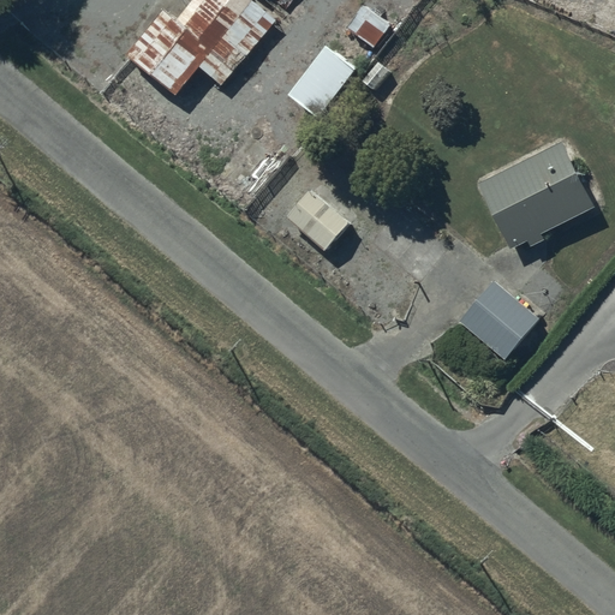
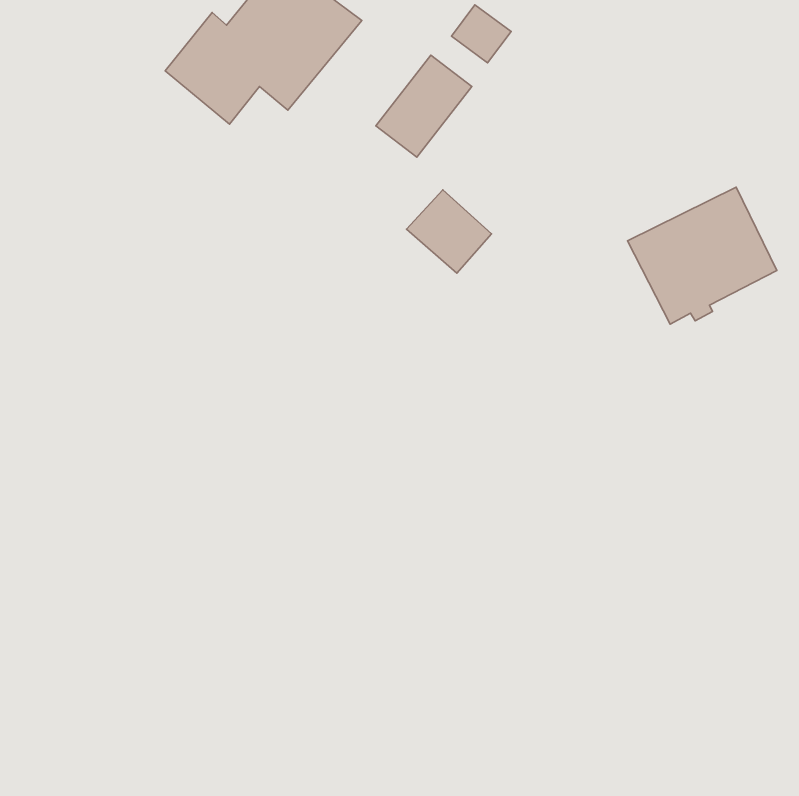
building: [285,186,350,250] -> [407,190,492,273]
building: [459,280,539,359] -> none

